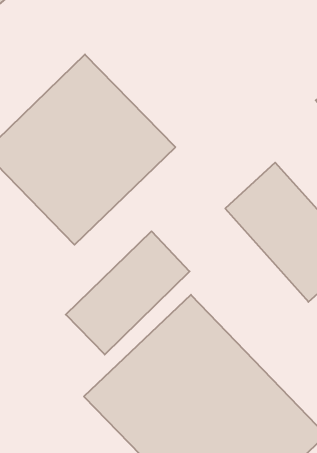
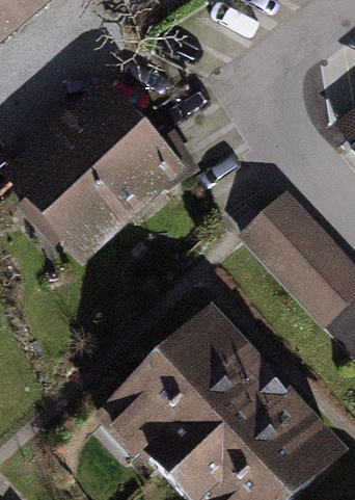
building: [66,231,190,355] -> none

